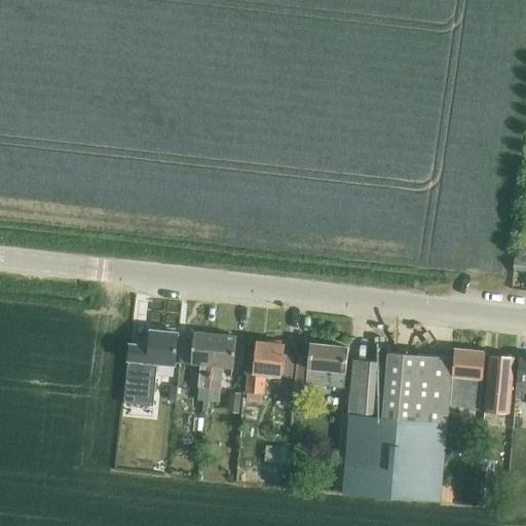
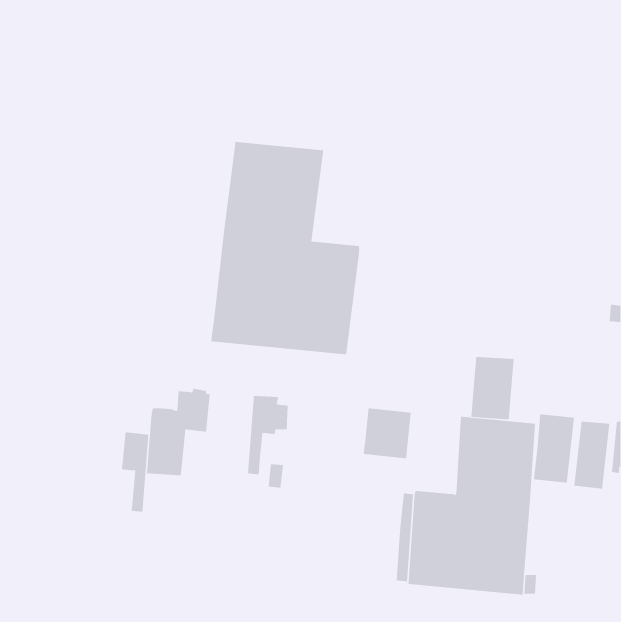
building: none -> [211,141,360,355]
building: [190,332,214,400] -> [121,432,149,512]
building: [246,339,296,394] -> none
building: [350,361,387,414] -> [471,356,514,420]

